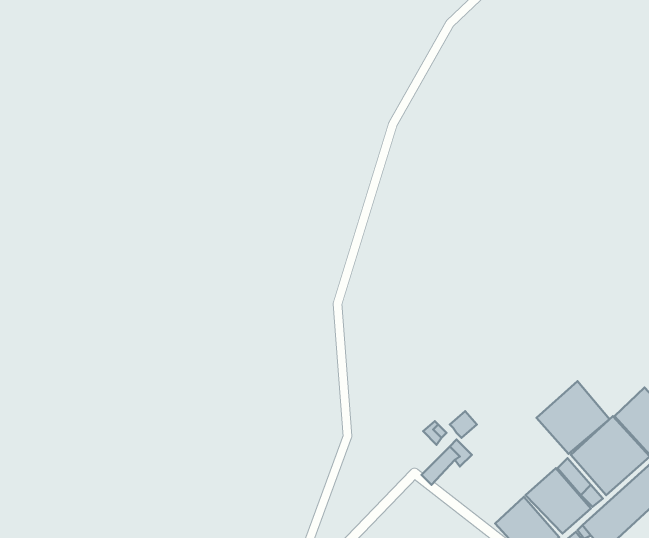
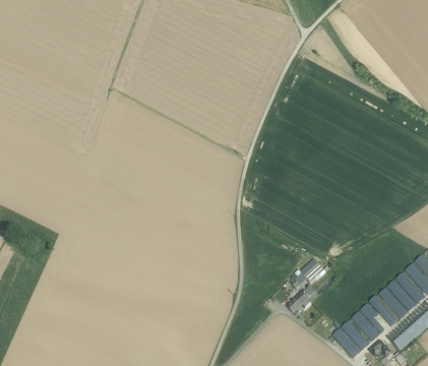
building: [537,381,609,454] -> none

